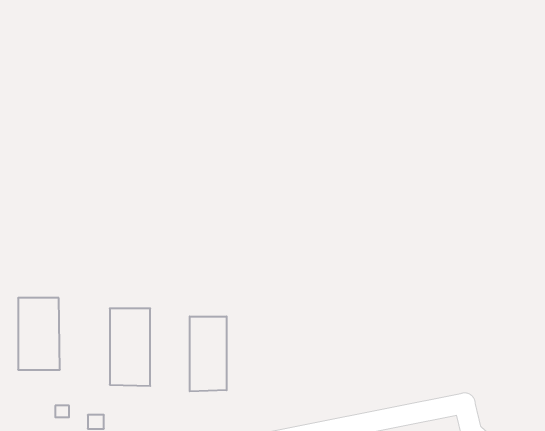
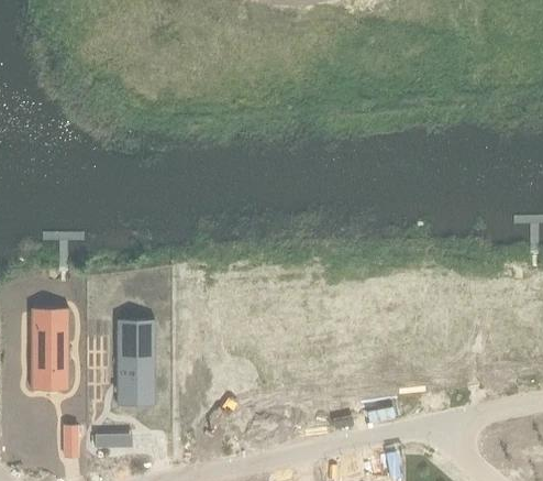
building: [190,316,227,391] -> none

